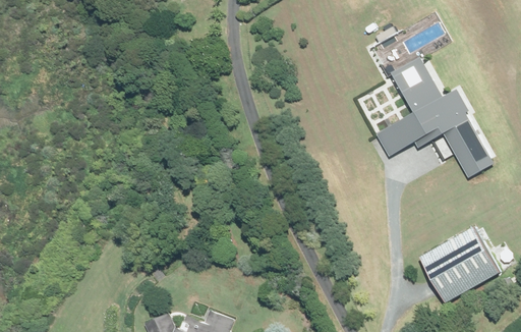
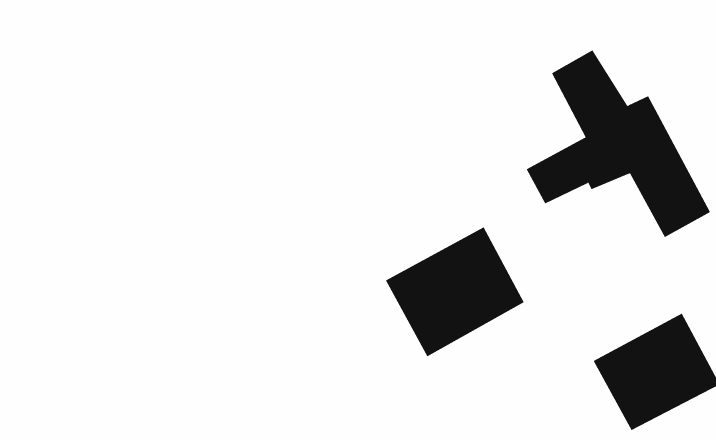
building: none -> [385,227,524,357]

